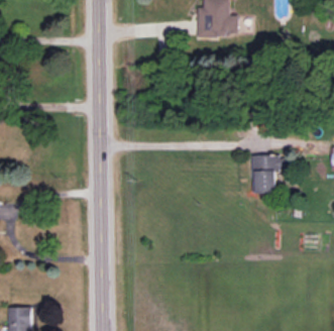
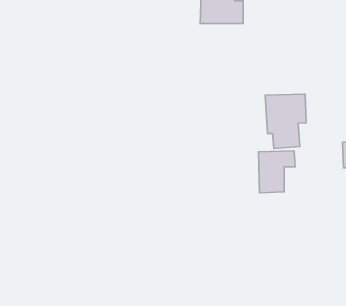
building: none -> [265,94,306,149]

